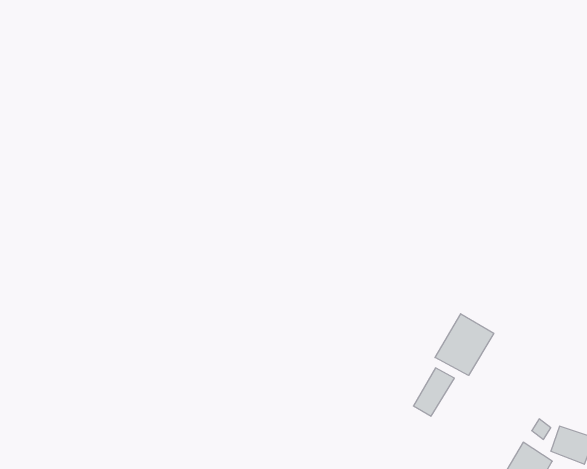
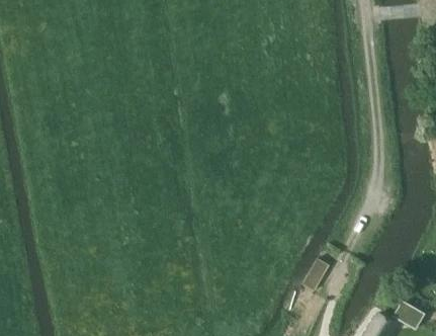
building: [435,314,494,375] -> none

